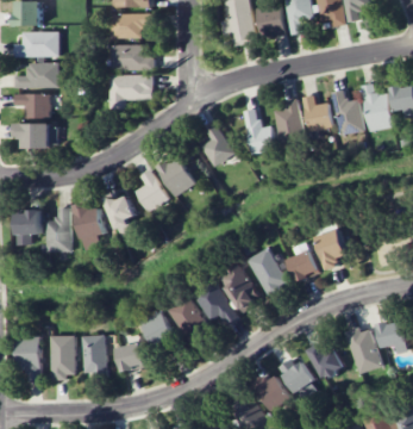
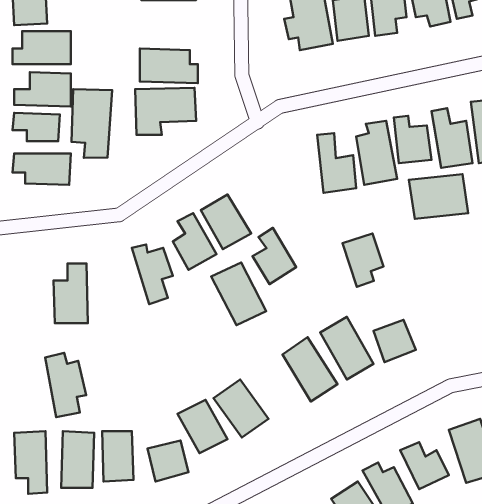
building: [111,13,155,38] -> none
building: none -> [71,89,112,158]
building: [201,124,234,167] -> [252,228,296,284]
building: none -> [409,174,468,219]
building: [75,201,106,250] -> [45,353,86,417]
building: [17,211,40,245] -> none
building: [317,230,348,271] -> [343,234,383,287]
building: [194,281,236,329] -> [211,262,266,325]

